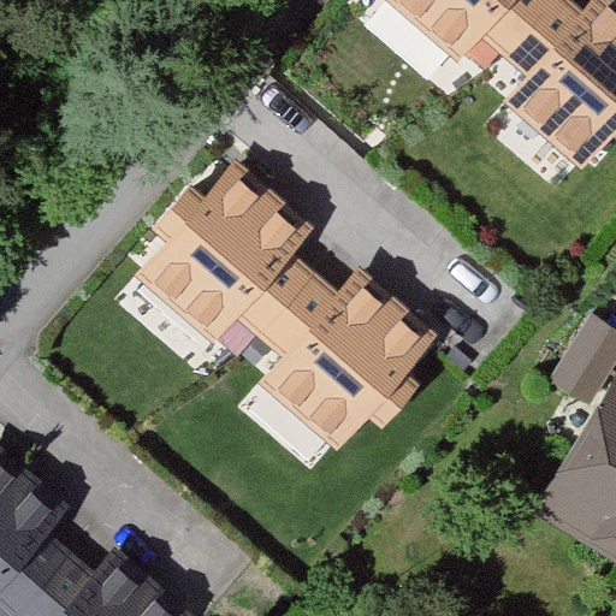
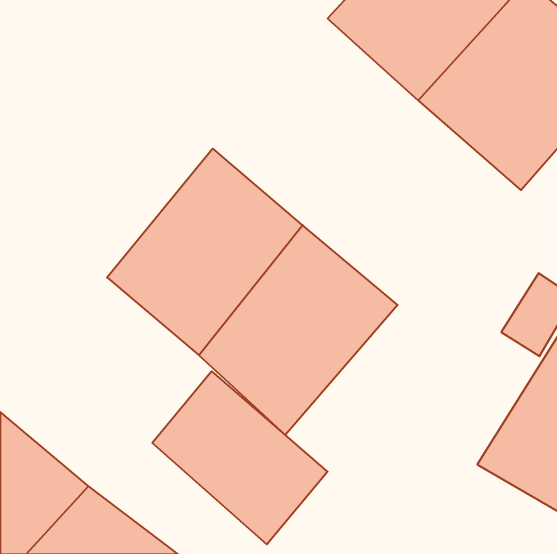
building: none -> [152,371,328,544]

